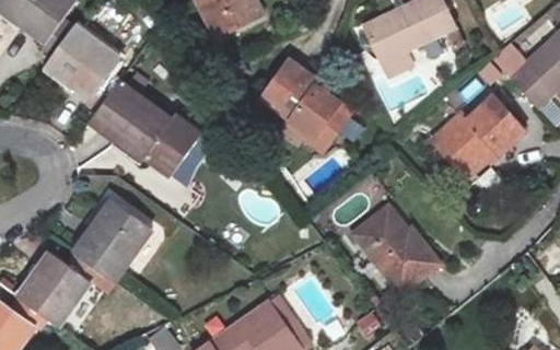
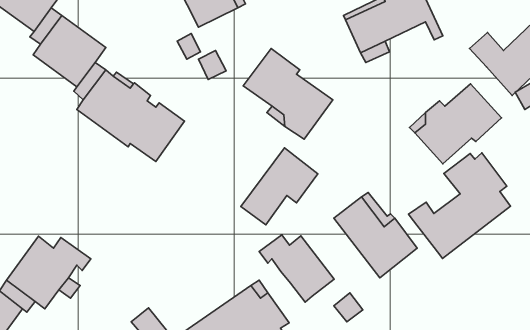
building: none -> [241,148,318,225]
building: none -> [408,153,511,258]
building: [73,199,152,282] -> none
building: none -> [259,235,334,302]

